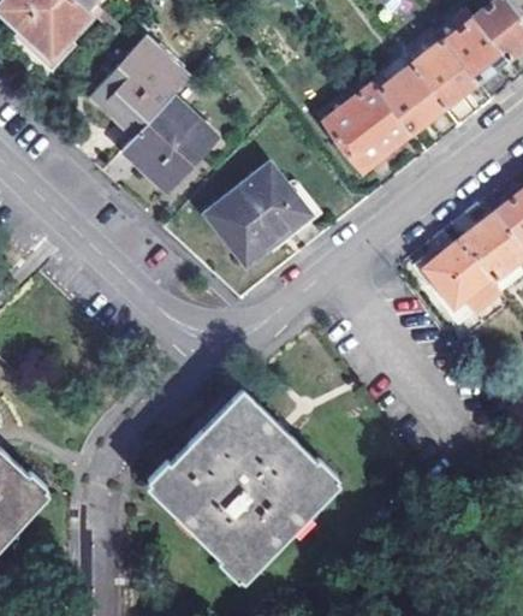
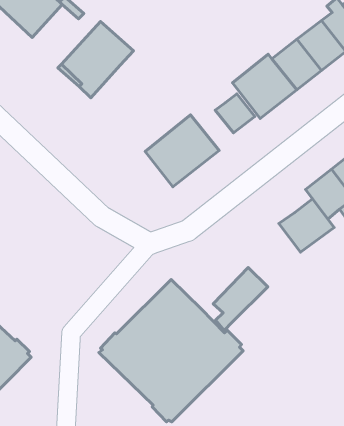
building: [126,99,218,192] -> none
building: none -> [215,94,255,133]
building: none -> [279,199,334,252]
building: none -> [213,268,268,330]

